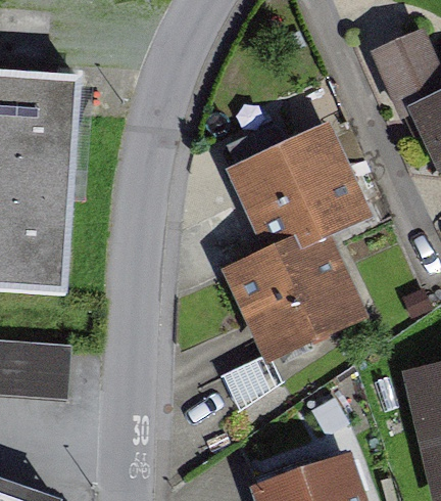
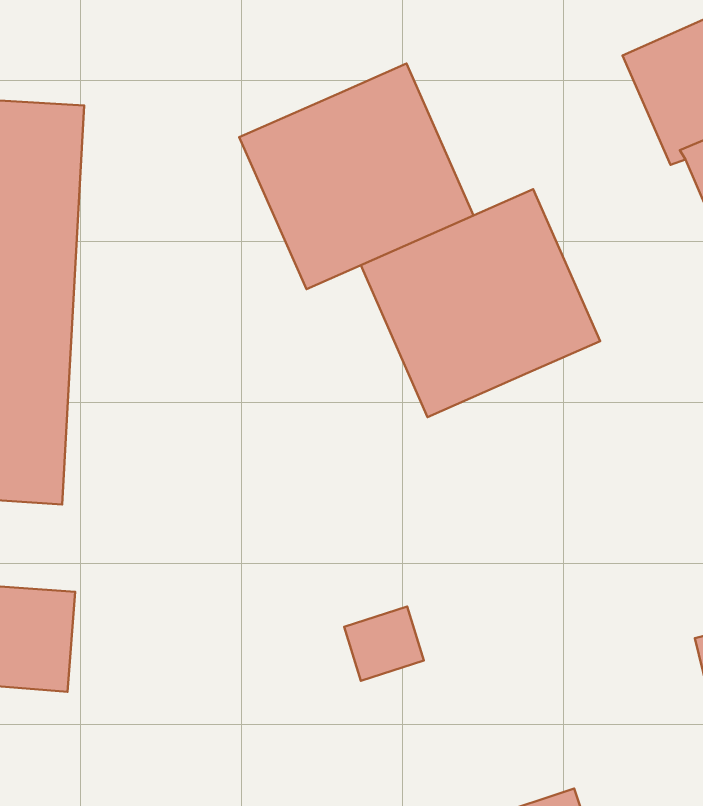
building: none -> [239,63,474,289]
building: [228,225,362,355] -> none

